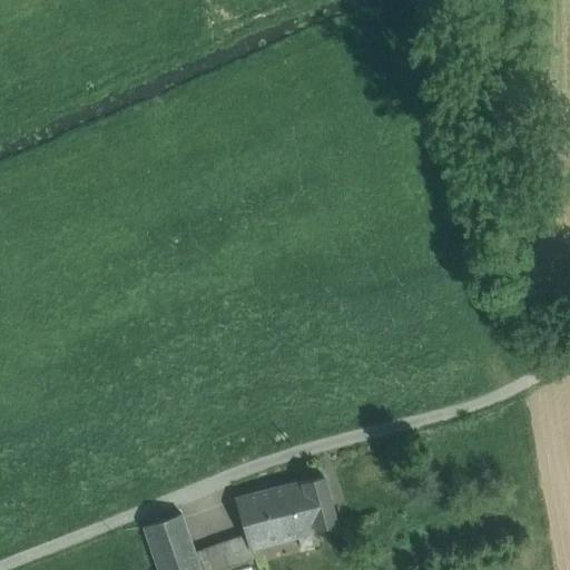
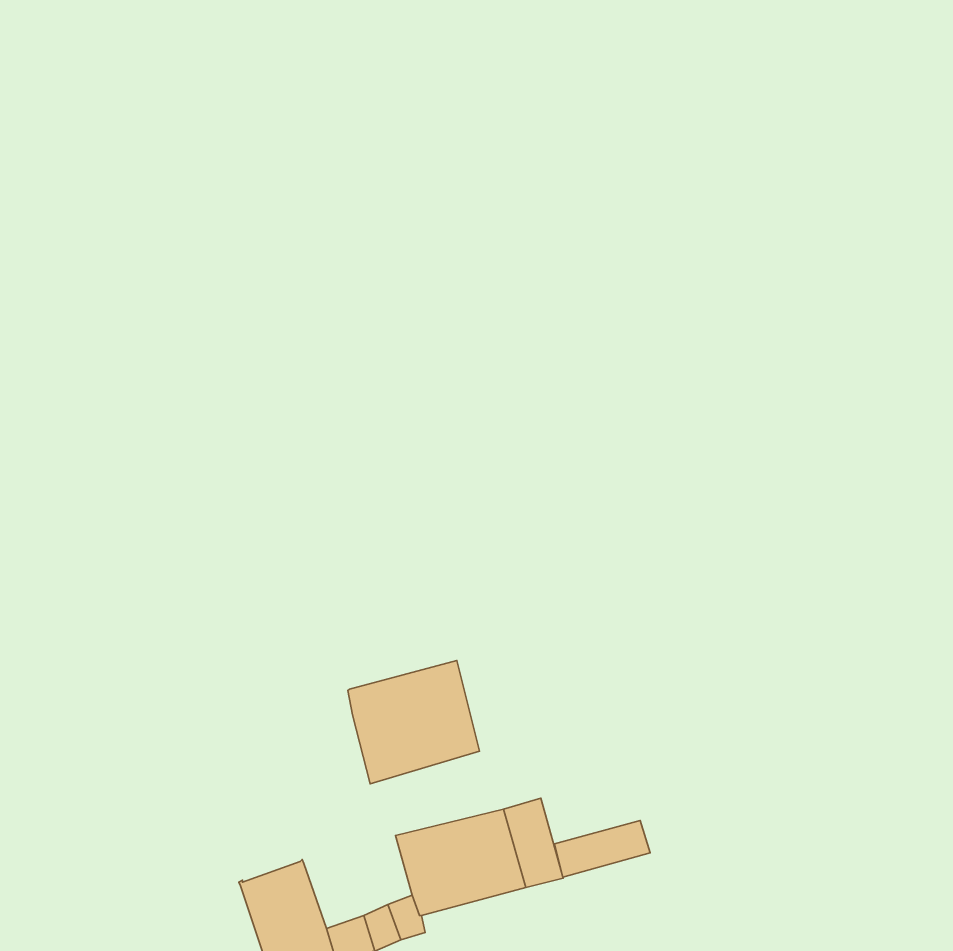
building: none -> [348,661,480,784]
building: none -> [554,821,650,877]

